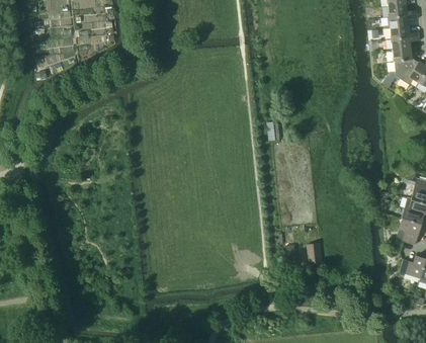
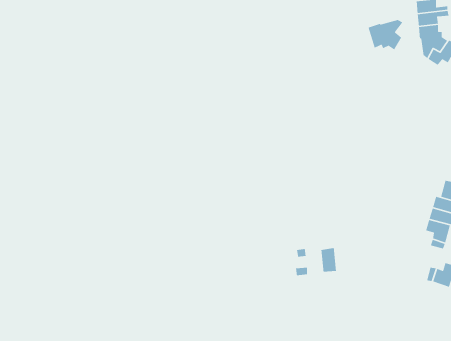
building: none -> [367,19,403,51]

